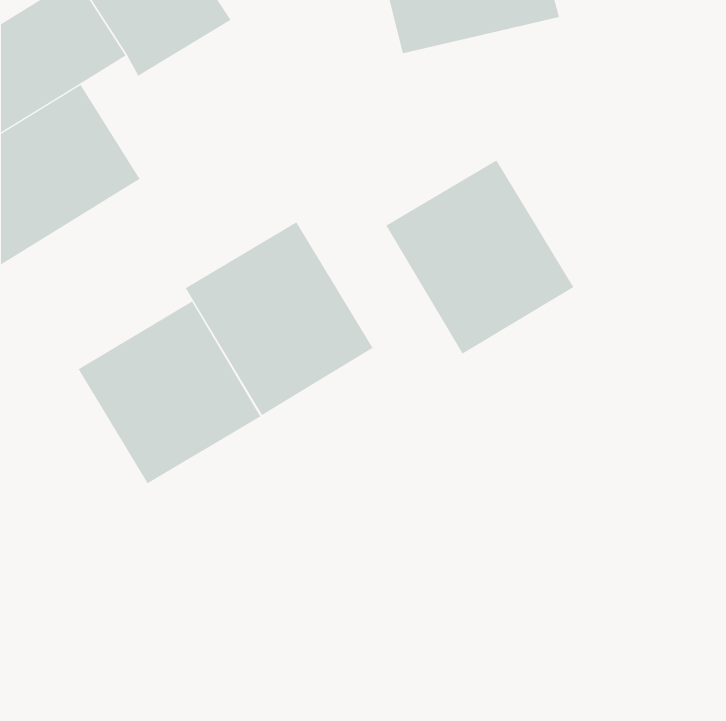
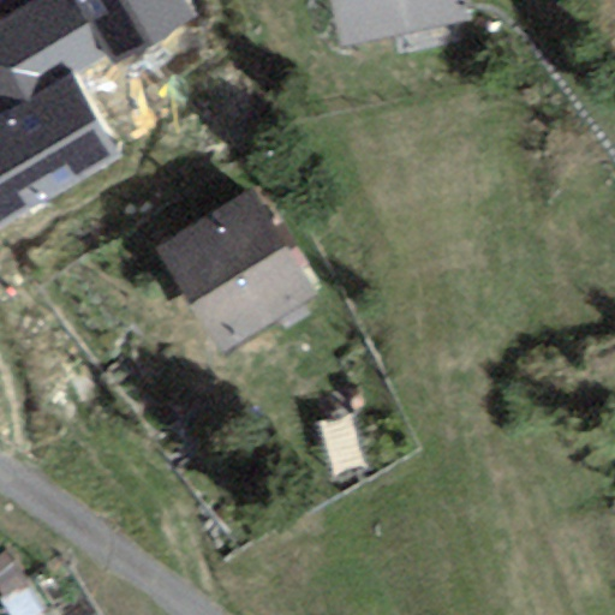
building: [386,160,574,354] -> none
building: [78,300,261,484] -> none

